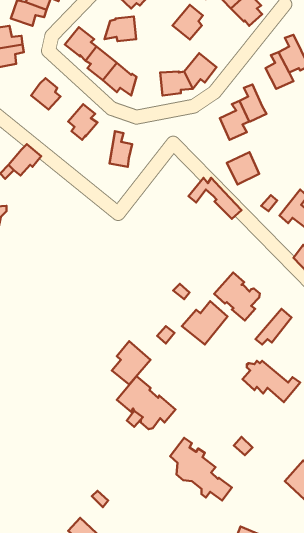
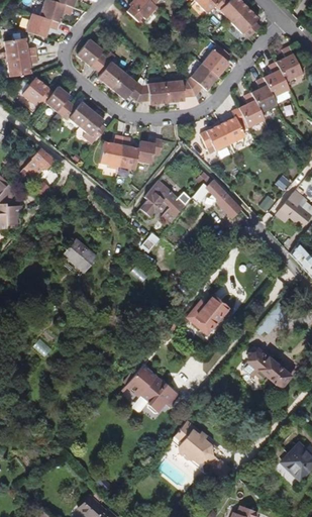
building: [173,5,203,39] -> [202,43,230,76]
building: [105,16,136,41] -> [138,81,168,104]
building: none -> [22,77,54,104]
building: none -> [251,77,277,112]
building: none -> [62,101,94,126]
building: none -> [100,134,123,169]
building: none -> [136,137,163,164]
building: [227,152,259,185] -> [200,123,230,153]
building: none -> [143,176,189,221]
building: none -> [65,236,96,267]
building: [214,273,260,321] -> none
building: [112,341,151,384] -> none

